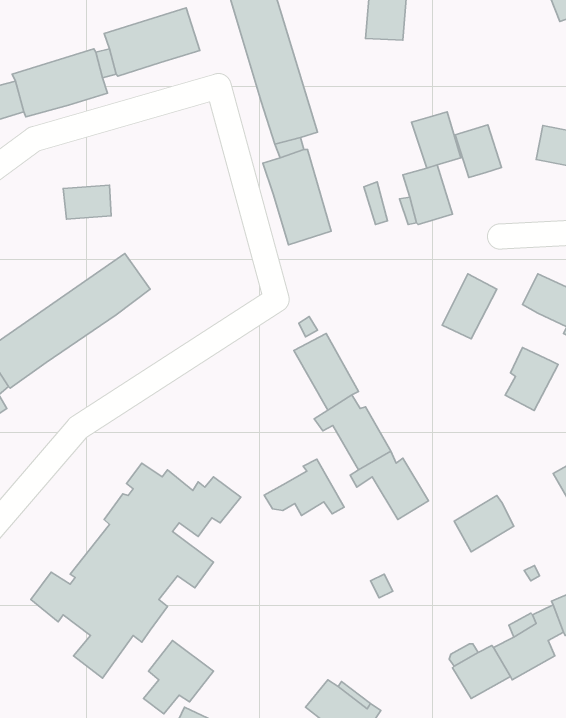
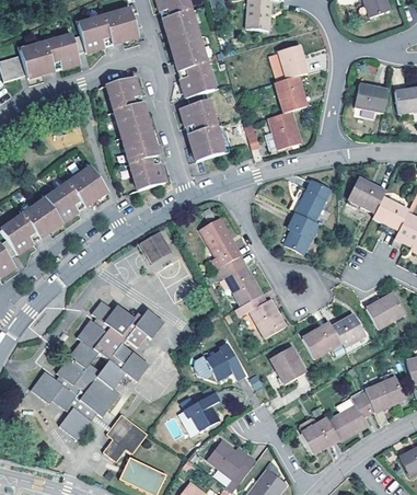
building: none -> [106,77,165,191]
building: [455,125,501,178] -> [278,45,308,79]
building: [505,347,558,410] -> [283,212,317,253]
building: none -> [139,231,171,263]
building: [264,459,344,516] -> [194,344,245,380]
building: none -> [333,314,369,353]
building: none -> [270,346,305,383]
building: none -> [184,392,220,431]

